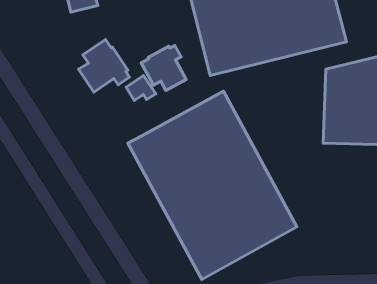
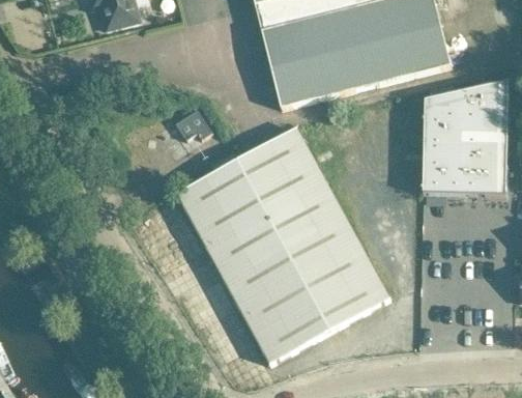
building: [79,40,129,92] -> none
building: [141,46,186,91] -> none

